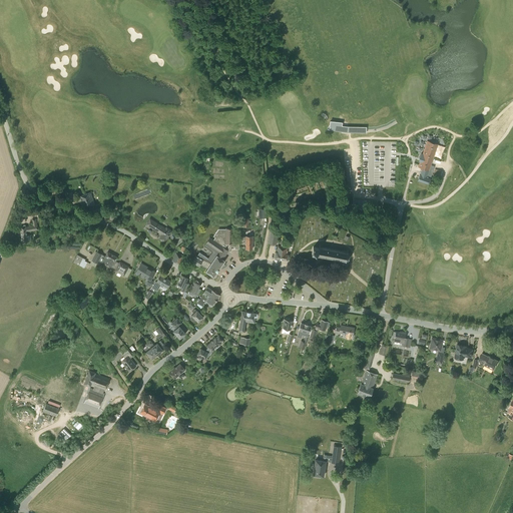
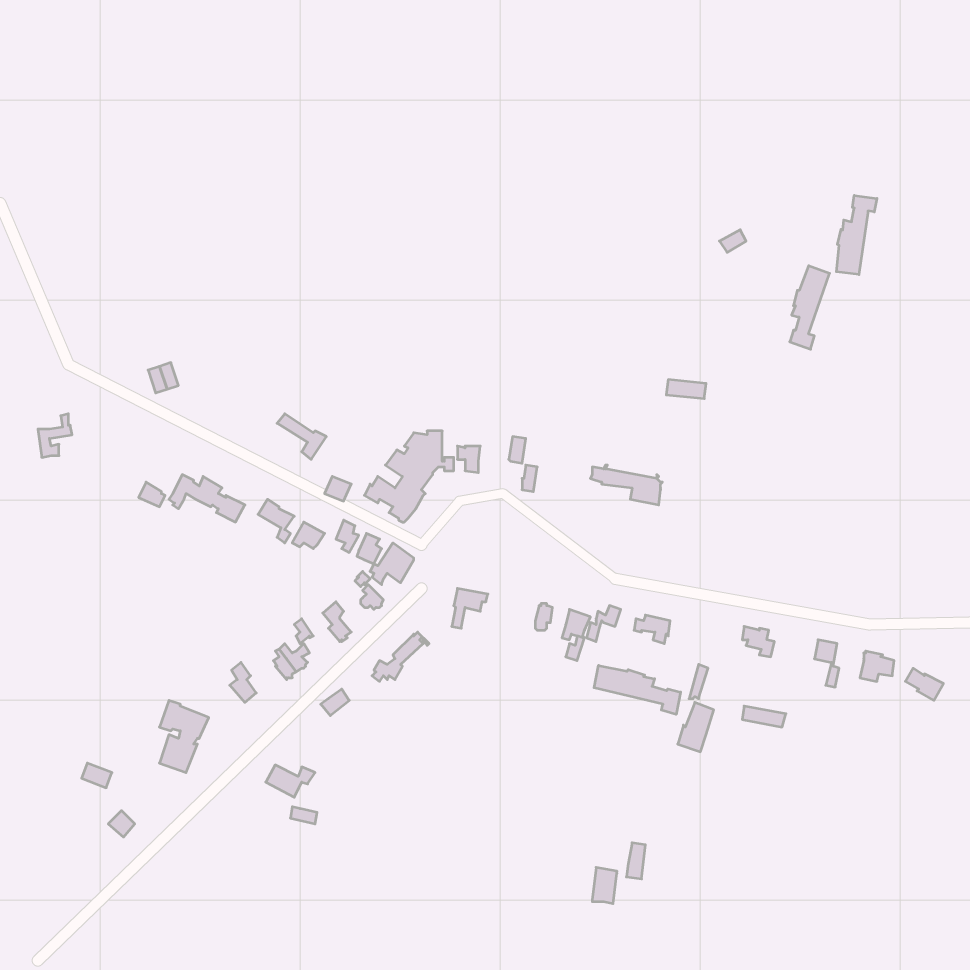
building: none -> [836,195,877,275]
building: none -> [594,665,681,714]

